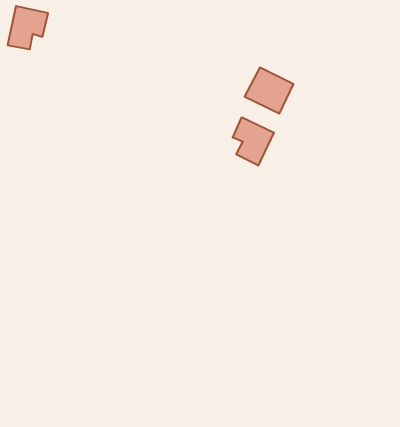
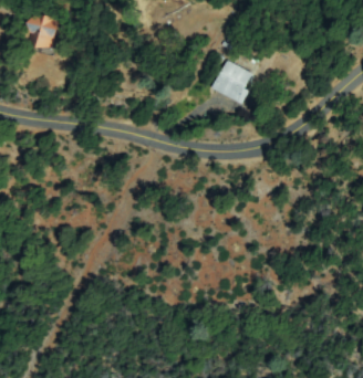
building: [233,117,274,166] -> none

